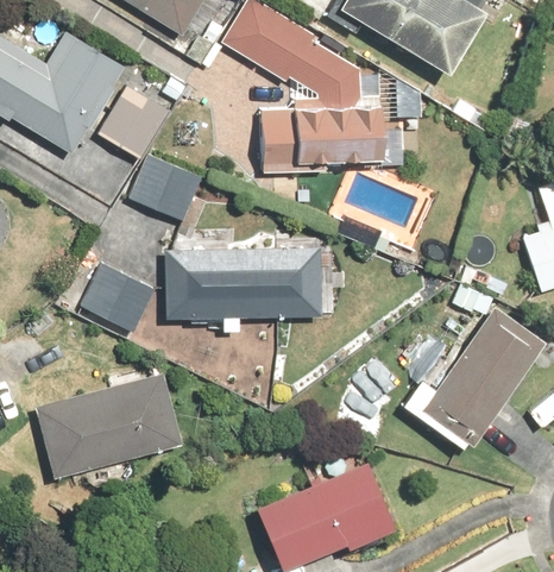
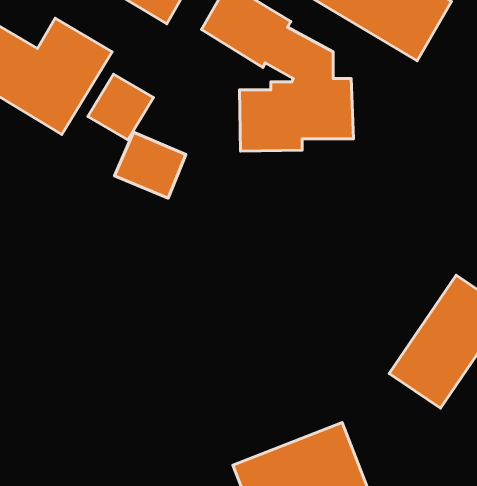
building: [165,247,322,319] -> none
building: [78,262,157,334] -> none
building: [31,373,181,479] -> none

